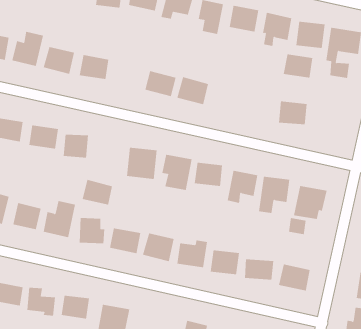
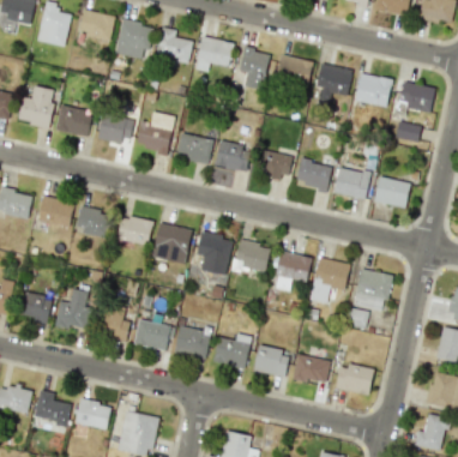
building: none -> [135,112,174,151]
building: [283,54,313,78] -> [295,160,331,188]
building: none -> [258,149,293,179]
building: none -> [374,178,409,206]
building: [82,179,113,205] -> [115,214,152,245]

